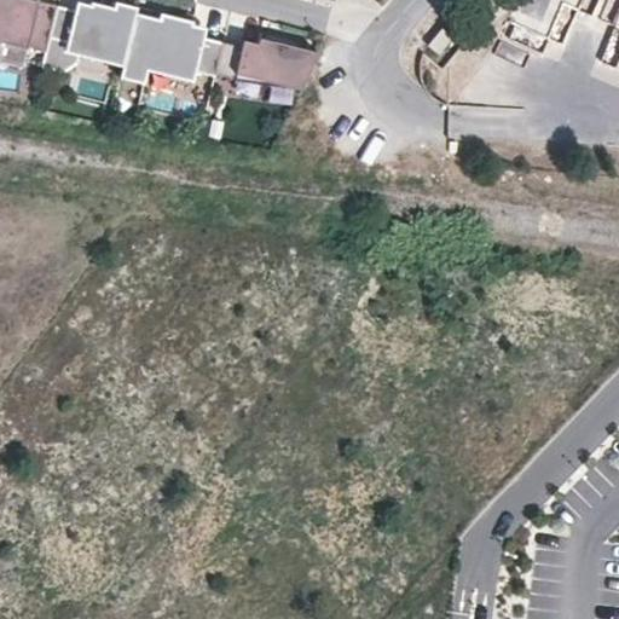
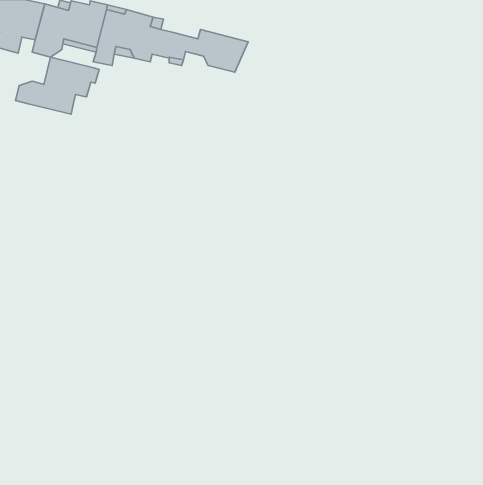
building: none -> [16,57,99,114]

